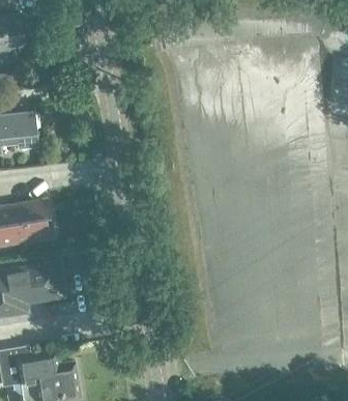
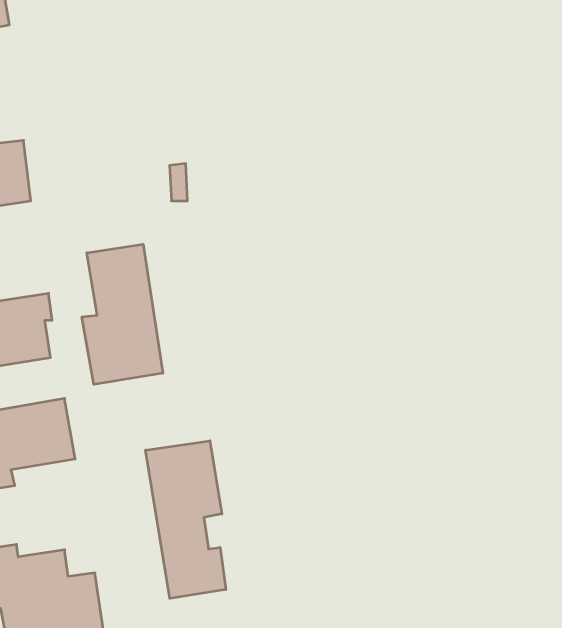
building: none -> [82,244,163,384]
building: none -> [146,441,226,598]

